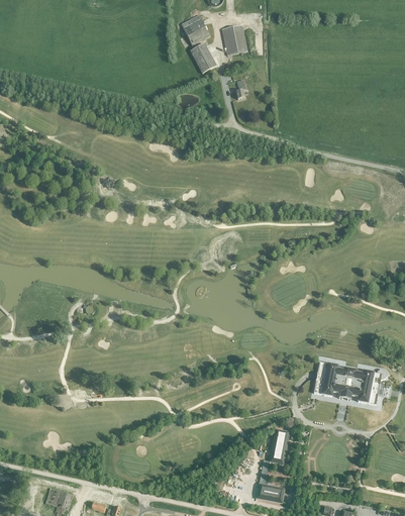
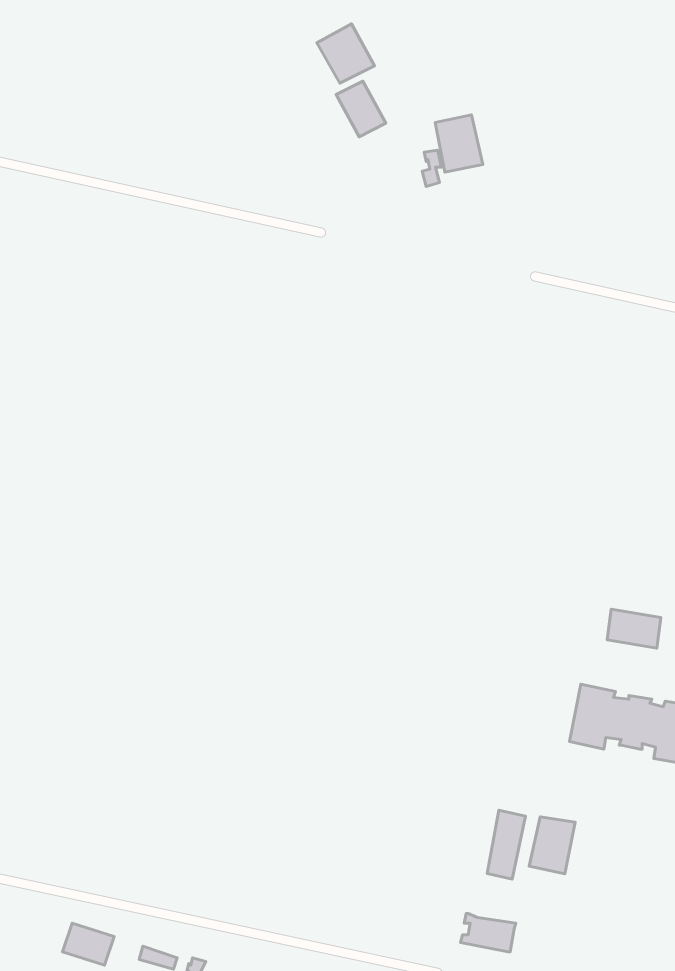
building: [222,24,247,55] -> [435,115,483,172]
building: none -> [607,609,661,648]
building: none -> [529,817,575,874]

